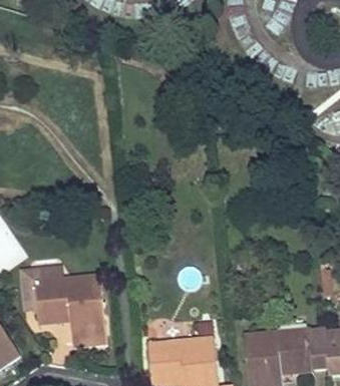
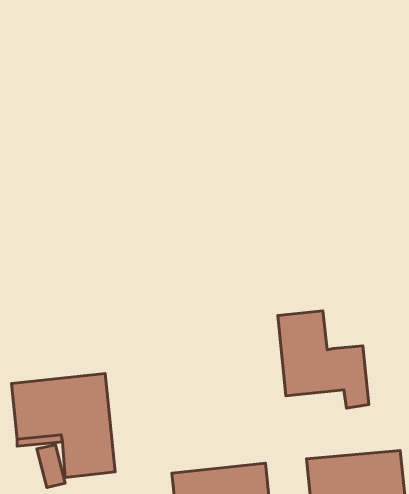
building: none -> [278,311,369,408]

